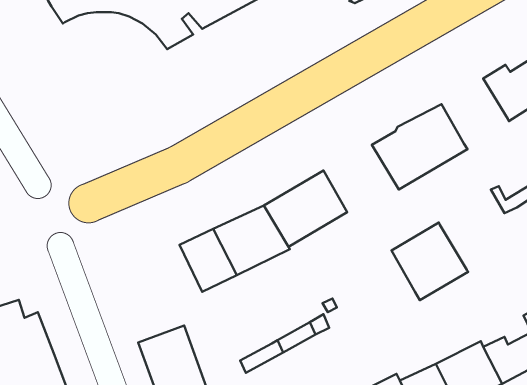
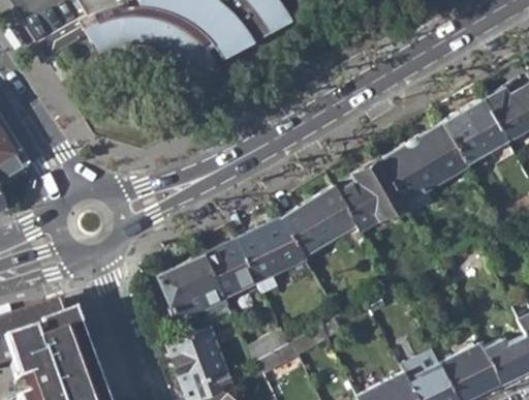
building: none -> [445,101,507,161]
building: [392,222,468,300] -> [338,160,408,232]
building: none -> [160,254,227,321]

